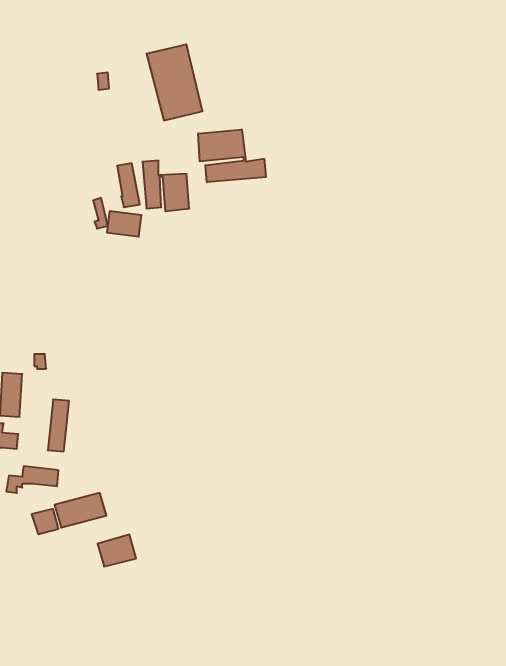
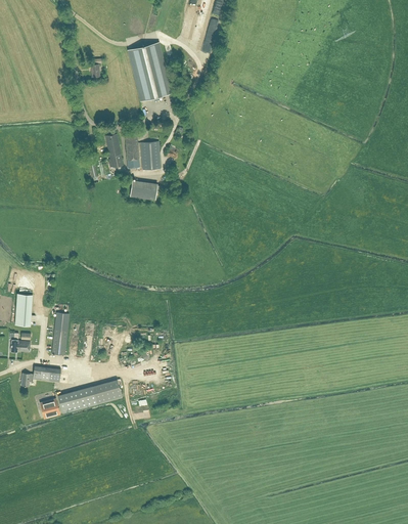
building: [198,129,266,182] -> none
building: [107,211,142,237] -> [131,182,157,202]
building: [97,535,136,567] -> [92,379,122,403]

